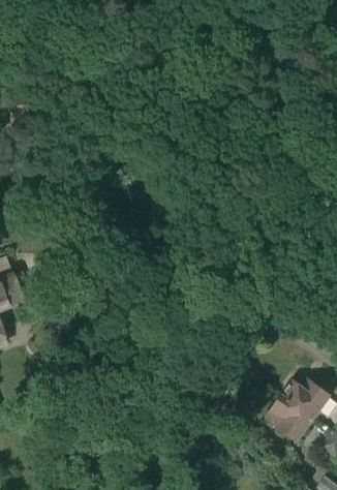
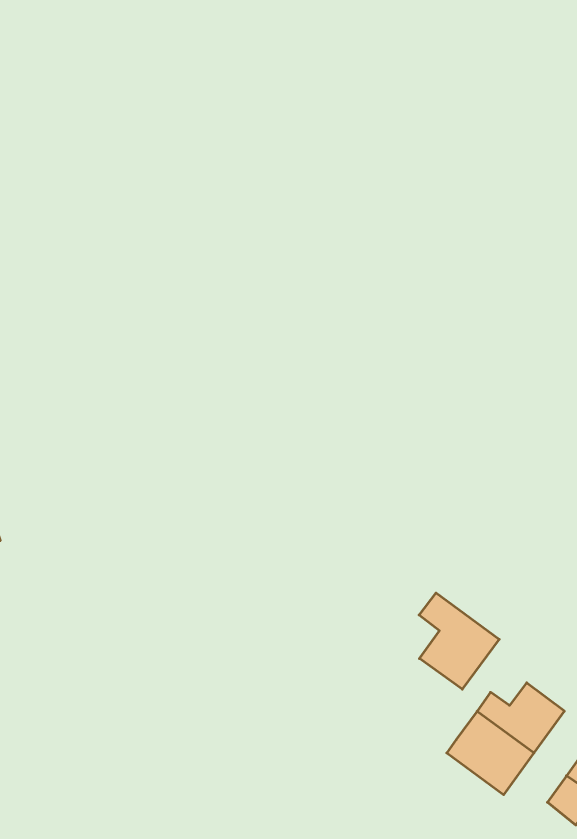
building: none -> [419,593,499,689]

